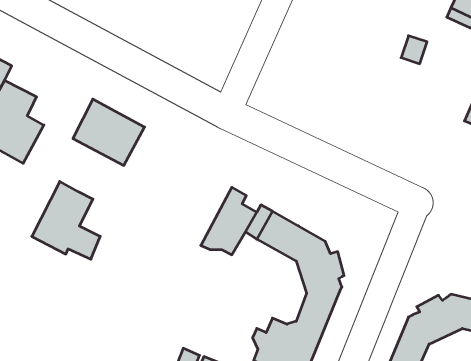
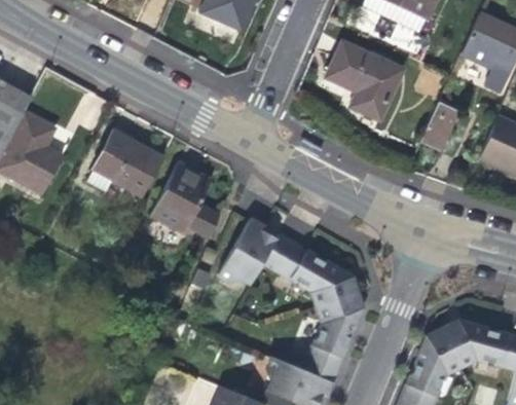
building: none -> [325,42,401,120]
building: none -> [420,103,458,151]
building: [32,181,100,259] -> [150,162,218,240]

